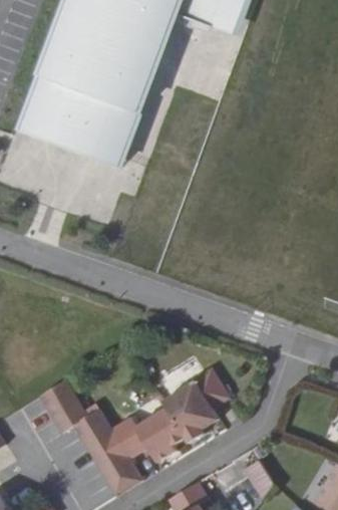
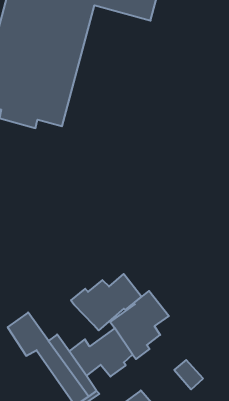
building: none -> [71,274,142,330]

